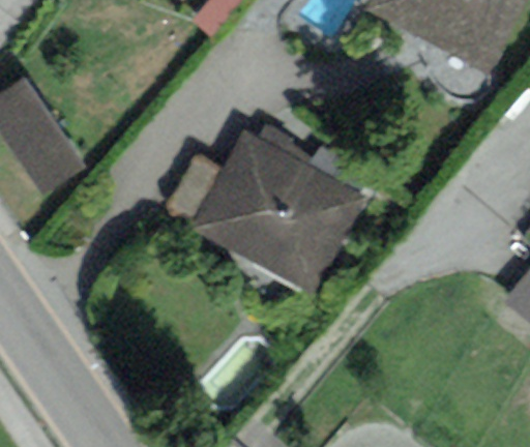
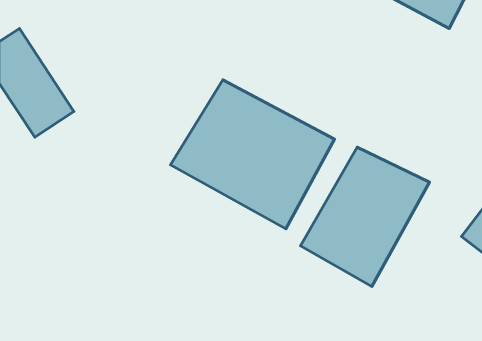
building: none -> [300,147,430,286]

